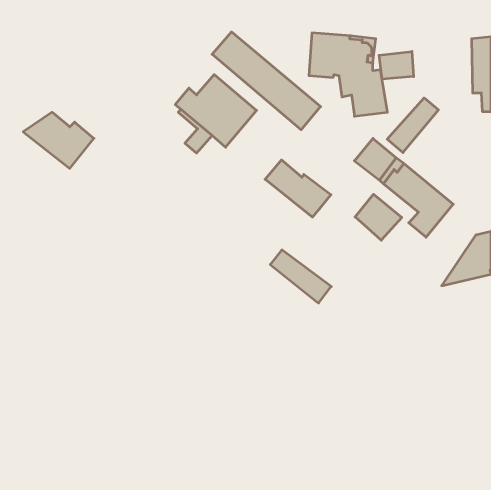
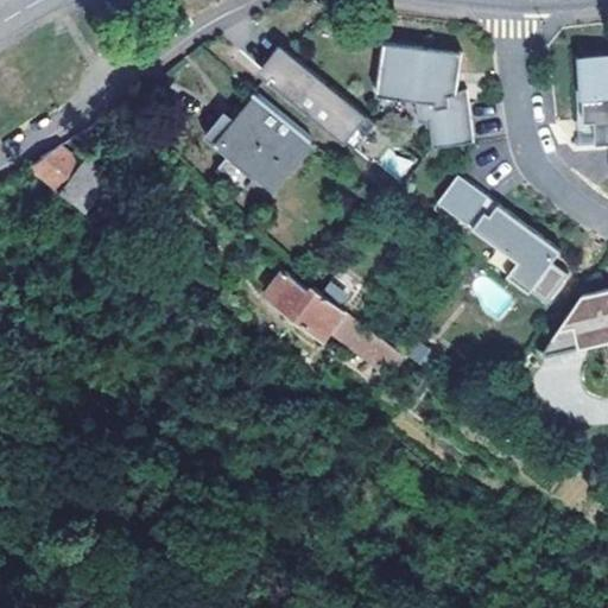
building: [379,51,414,79] -> none
building: [387,98,438,153] -> none
building: [265,160,331,217] -> [265,270,346,340]
building: [355,194,402,240] -> none

